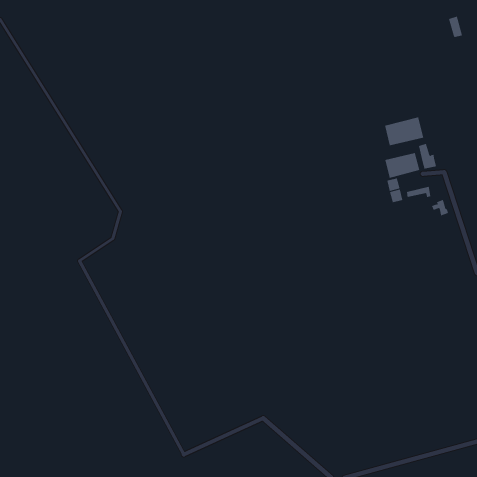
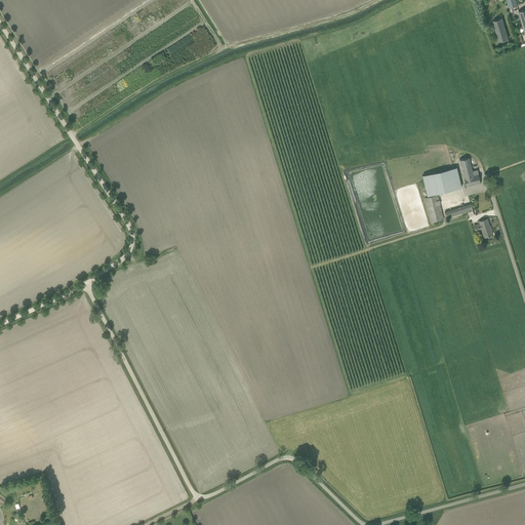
building: [385,116,424,146] -> none

